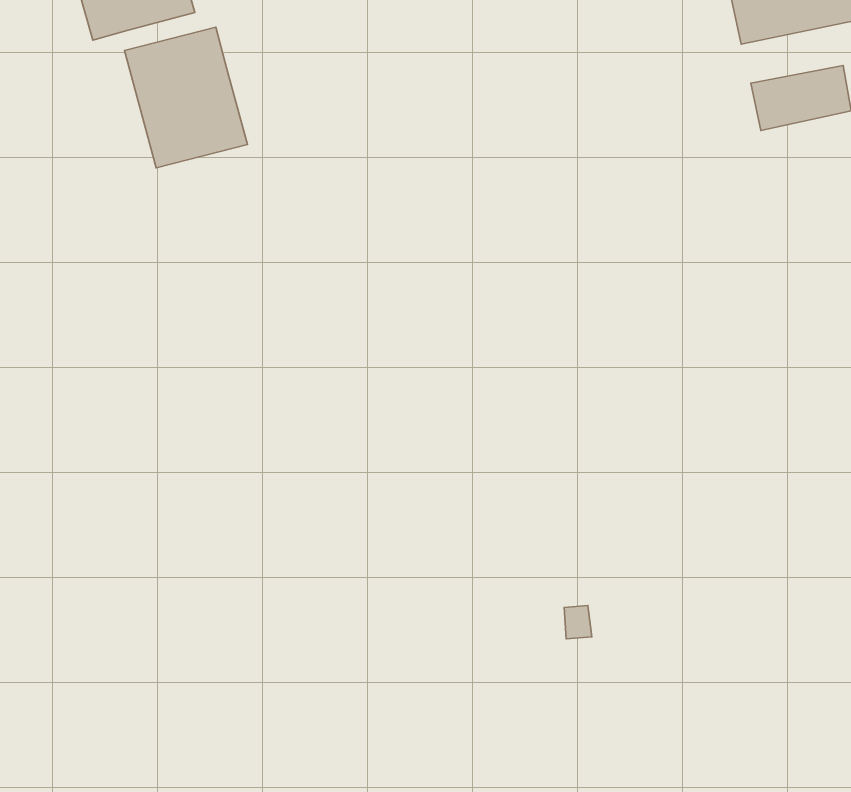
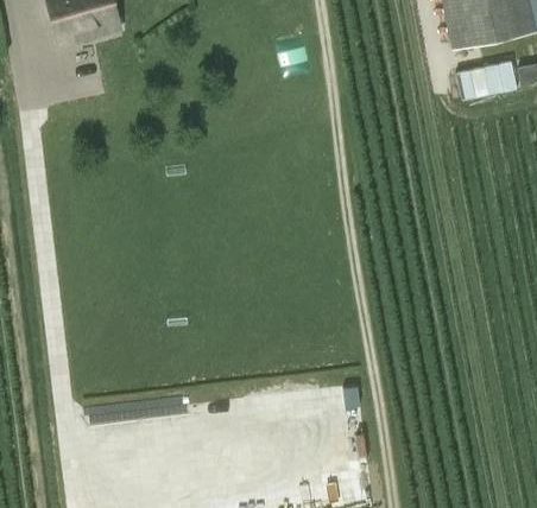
building: [125,27,247,168] -> none

